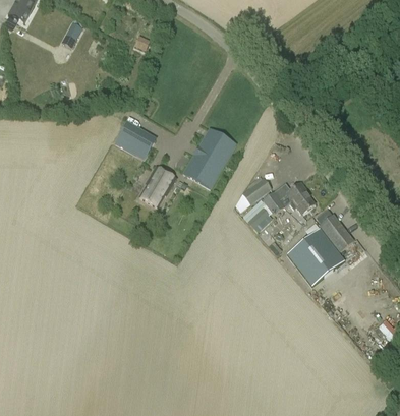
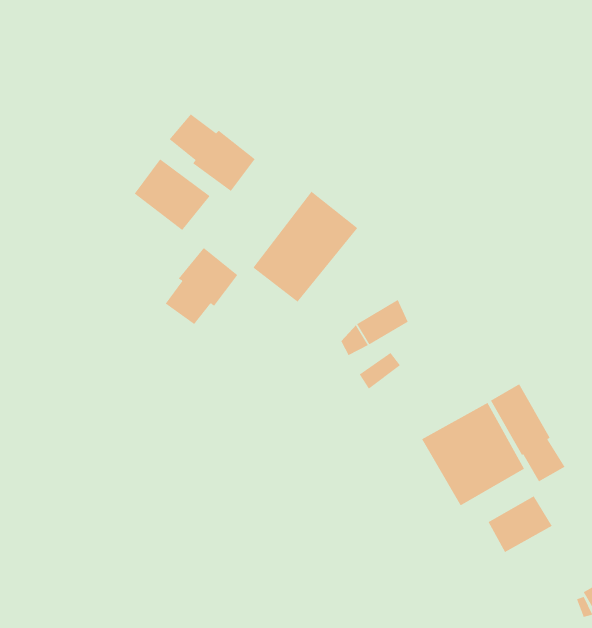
building: none -> [169,114,255,192]
building: [264,183,315,215] -> none
building: none -> [488,496,552,553]

